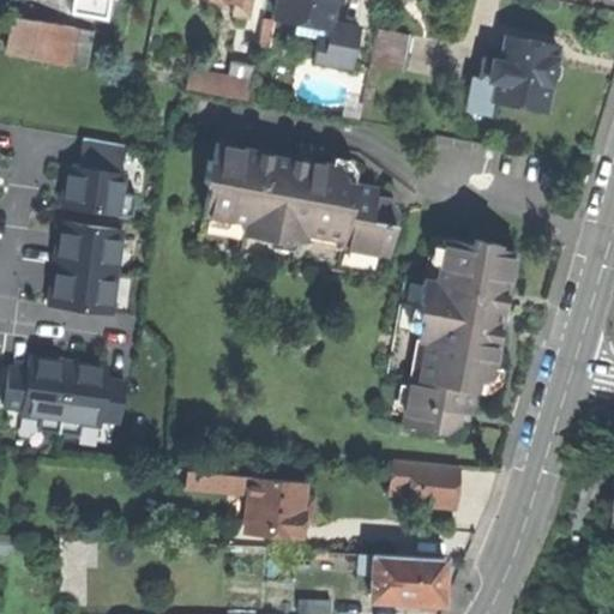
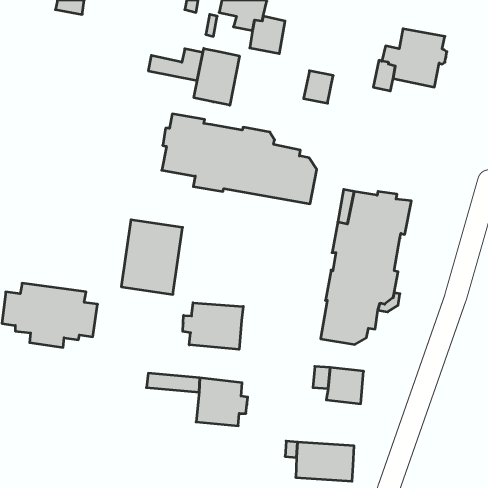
building: [10,19,89,67] -> none
building: [373,32,410,73] -> [304,71,333,103]
building: none -> [194,48,239,105]
building: [61,139,136,217] -> none
building: [47,222,124,315] -> [121,220,183,294]
building: none -> [183,303,243,349]

